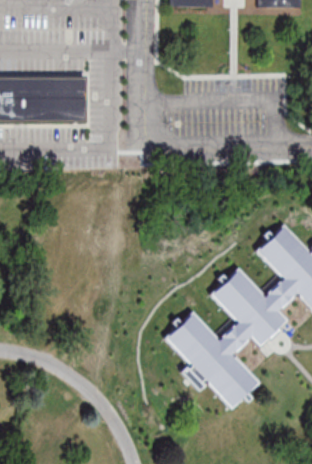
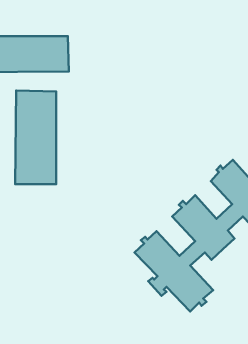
building: none -> [15,91,56,184]

